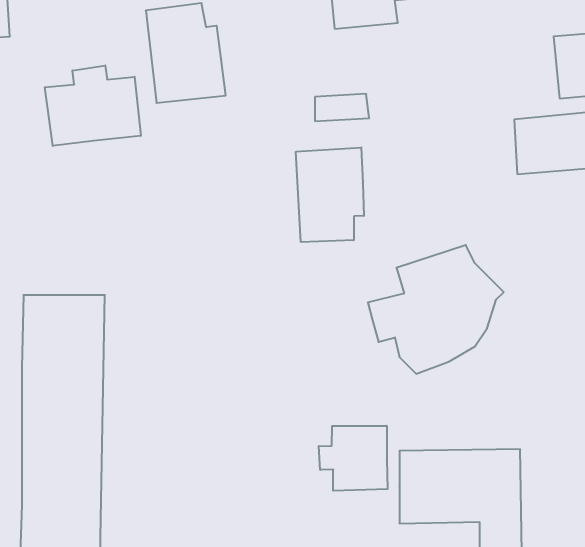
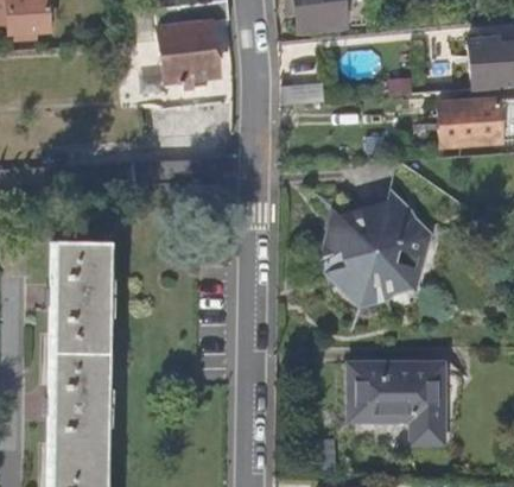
building: [45,65,141,146] -> none
building: [296,147,364,242] -> none
building: [319,426,388,491] -> none

